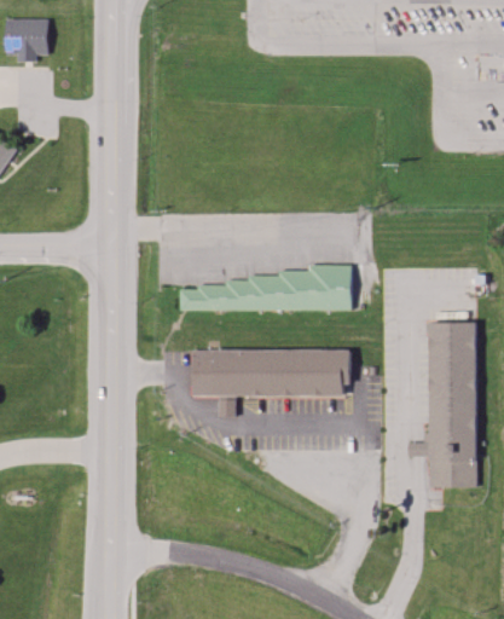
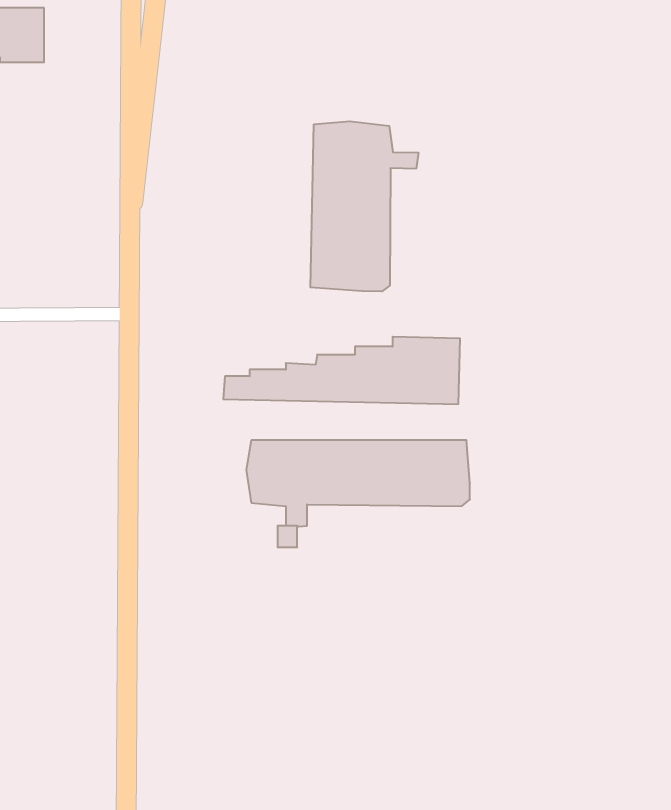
building: none -> [310,121,418,291]
building: [412,317,479,481] -> none

